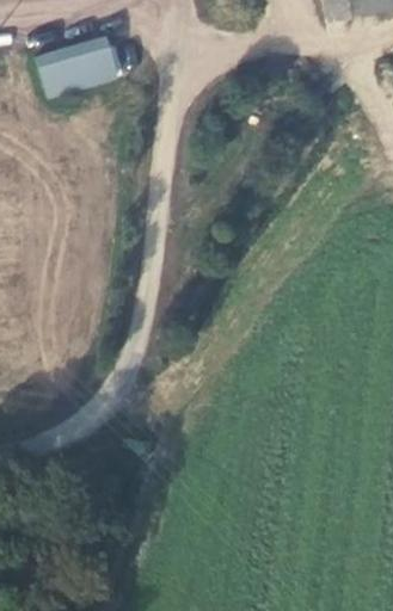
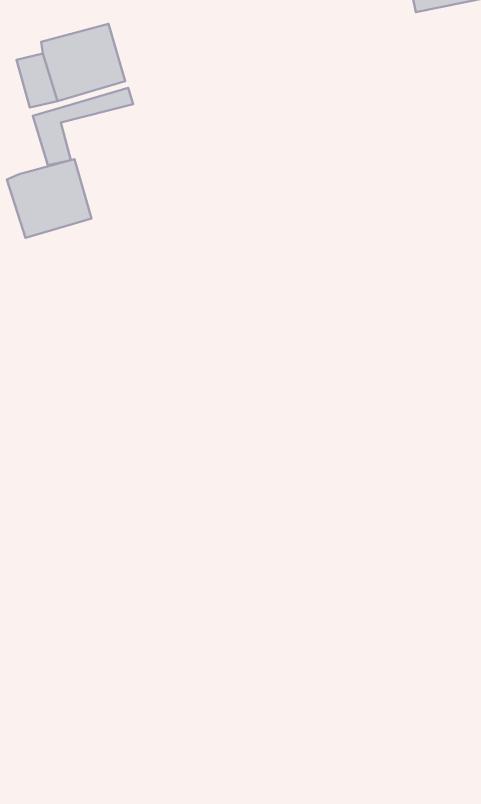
building: none -> [7,159,91,238]

